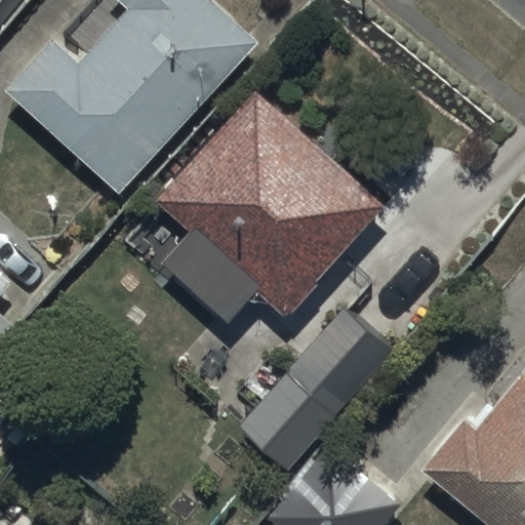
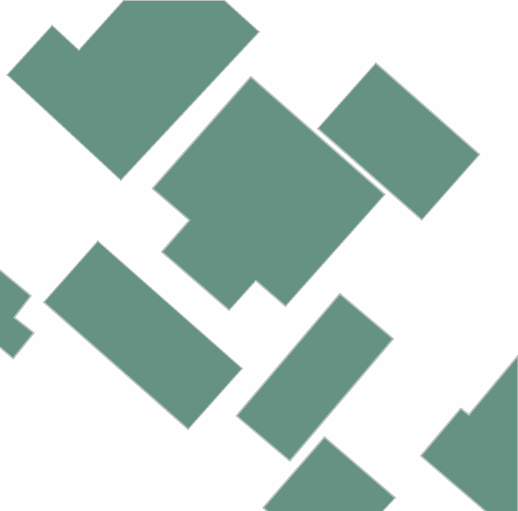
building: none -> [318,63,479,220]
building: none -> [44,241,242,429]

